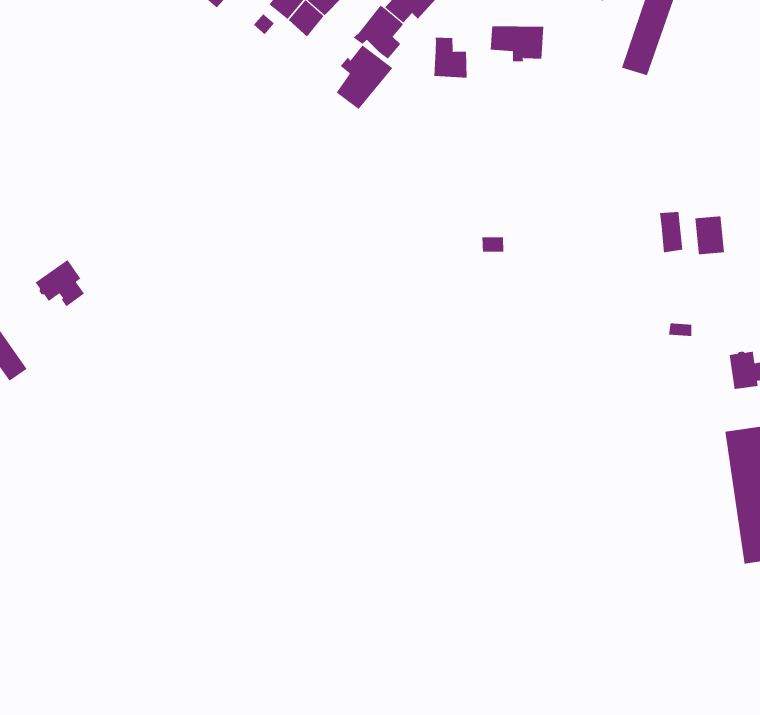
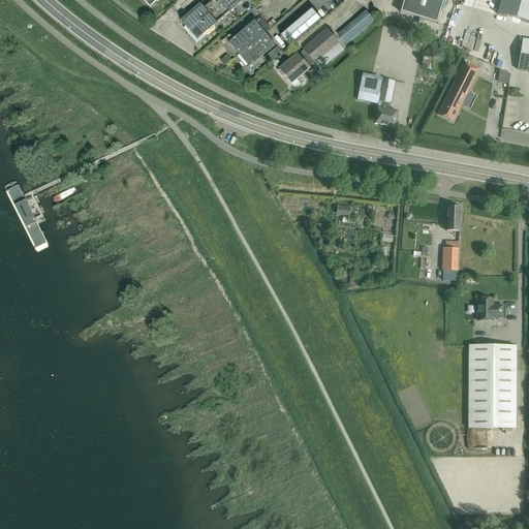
building: [433,37,468,78] -> [374,97,397,125]
building: [336,45,393,110] -> none
building: [695,216,725,255] -> [441,245,459,269]
building: [35,259,85,307] -> none

